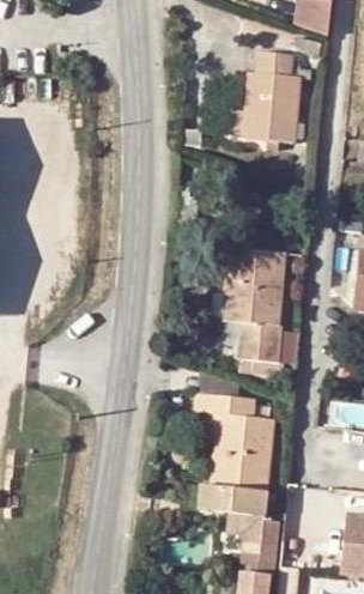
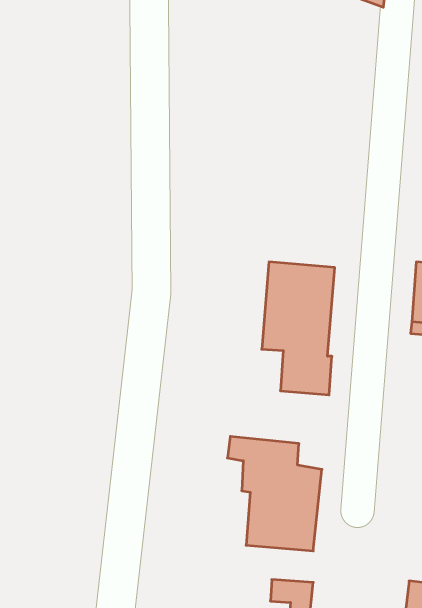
building: [243,51,311,144] -> none
building: [200,484,271,514] -> none

